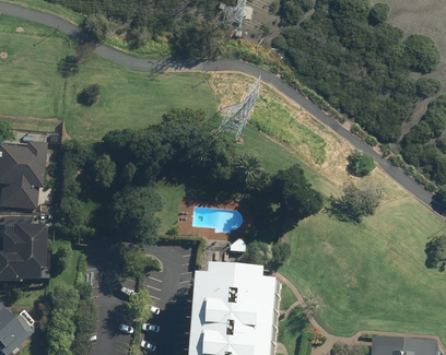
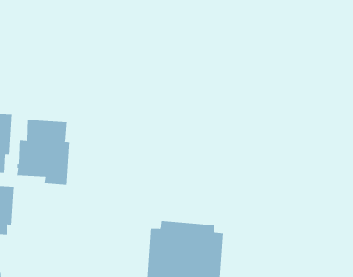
building: none -> [17,119,70,186]

